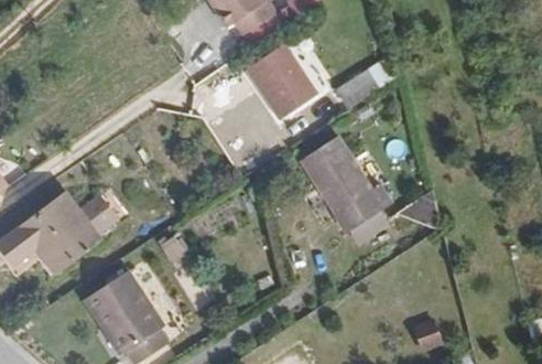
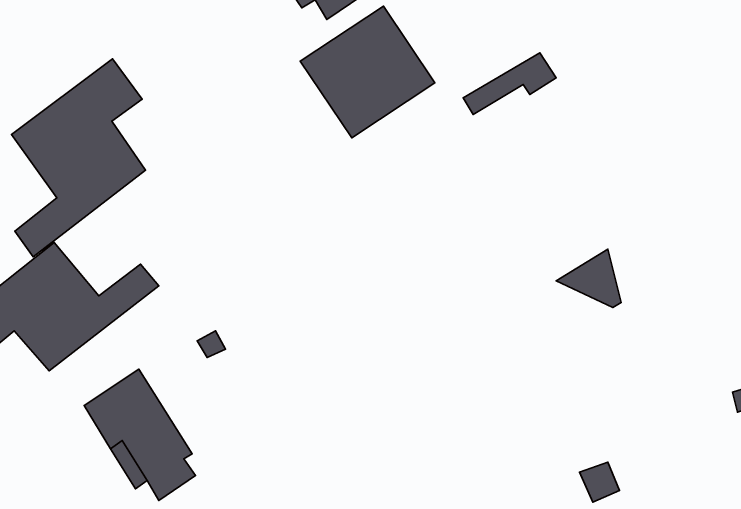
building: none -> [12,59,145,257]
building: [302,135,391,233] -> none

